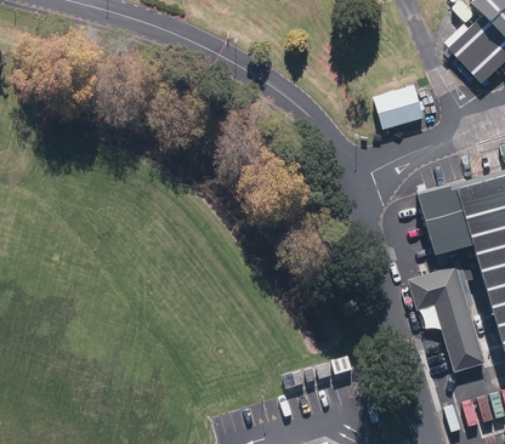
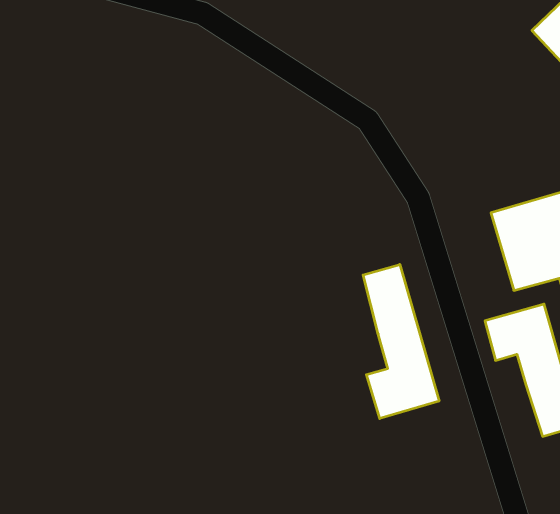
building: [373,85,426,130] -> none
building: none -> [363,264,439,419]

